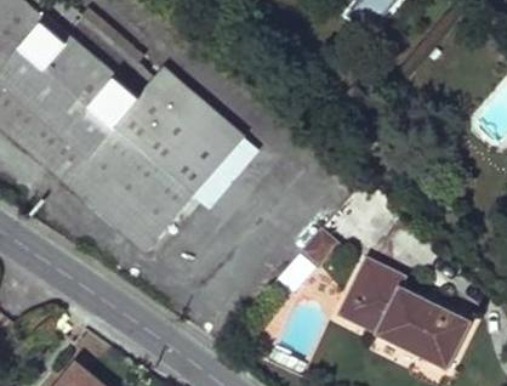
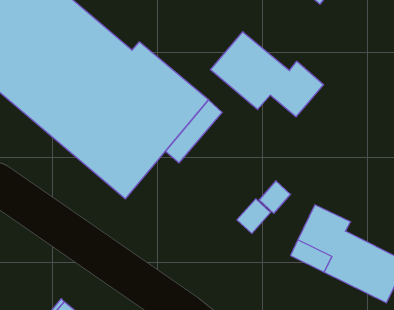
building: none -> [210,32,323,117]

